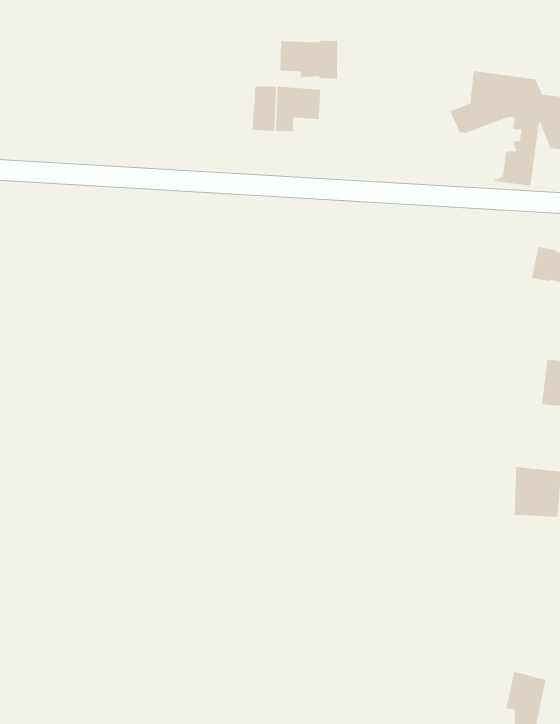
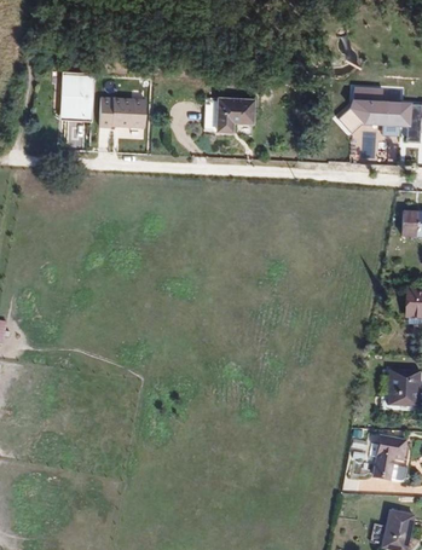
building: [279,40,338,79] -> none
building: none -> [58,71,97,122]
building: none -> [100,97,150,131]
building: none -> [370,439,403,482]

